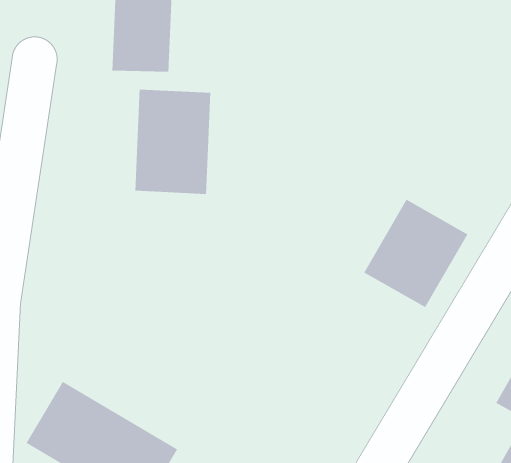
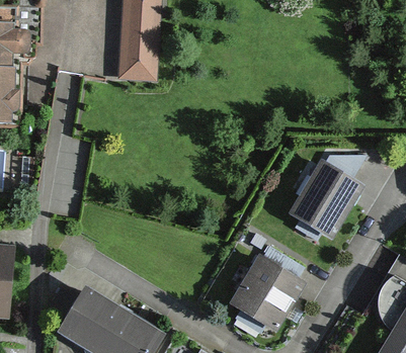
building: [134,89,211,195] -> none
building: none -> [225,256,298,332]

